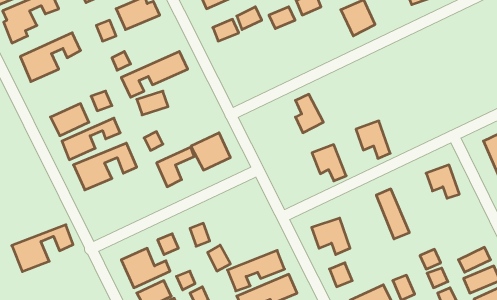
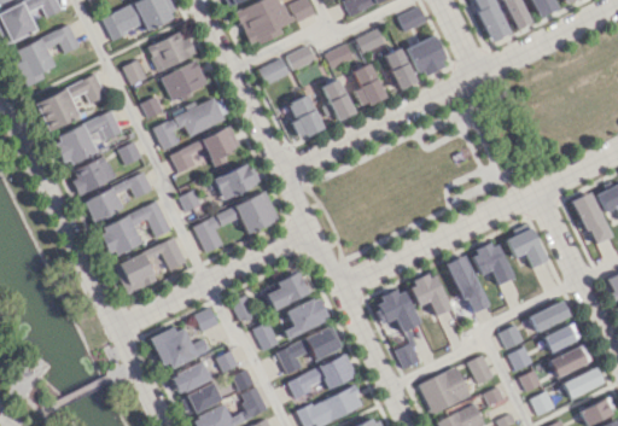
building: none -> [383,48,415,91]
building: none -> [161,62,208,103]
building: none -> [352,64,383,107]
building: none -> [287,95,322,139]
building: none -> [52,112,121,167]
building: none -> [200,126,240,167]
building: [295,94,323,133] -> [321,80,354,124]
building: none -> [212,163,258,200]
building: [356,121,390,158] -> [471,241,511,285]
building: [312,145,346,181] -> [409,273,449,315]
building: none -> [266,272,308,311]
building: [12,225,73,272] -> [113,240,185,294]
building: none -> [284,298,328,338]
building: none -> [529,302,570,332]

